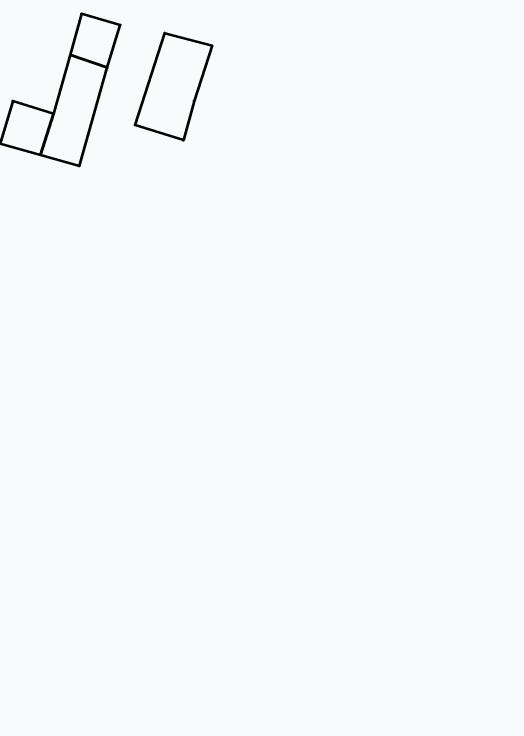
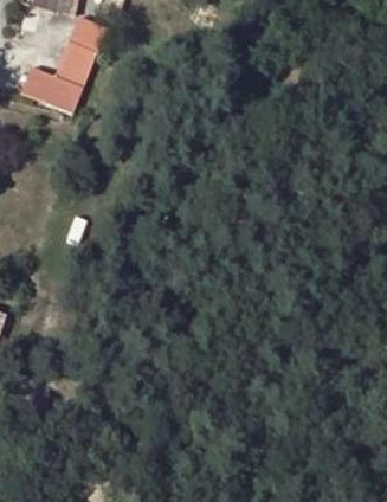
building: [135,33,212,140] -> none

